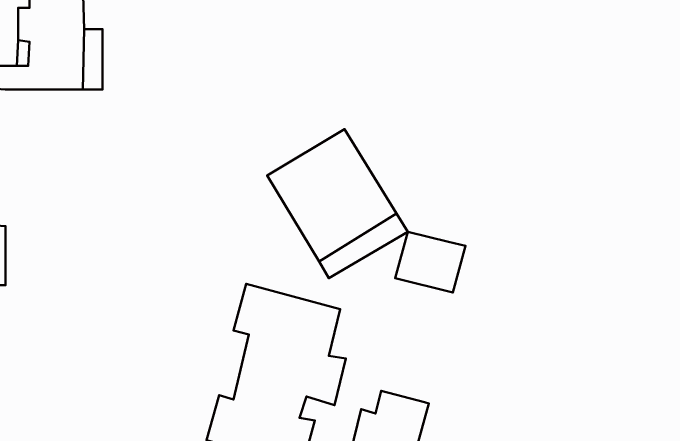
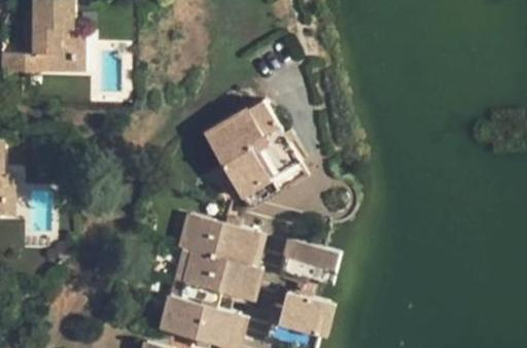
building: [395,232,465,292] -> [280,240,331,284]

